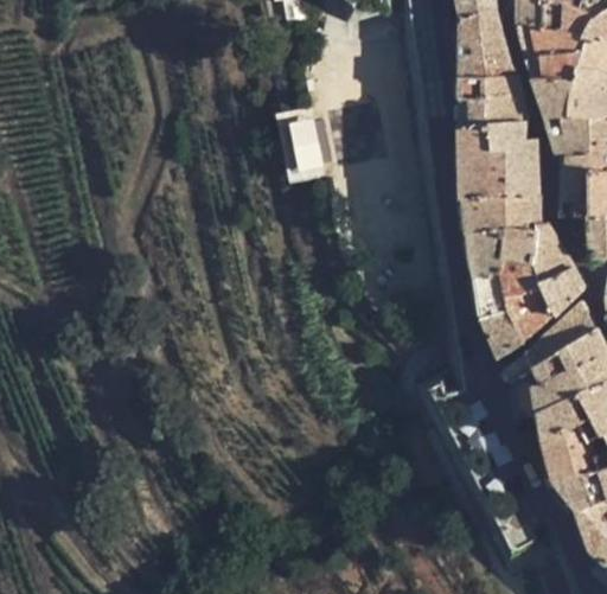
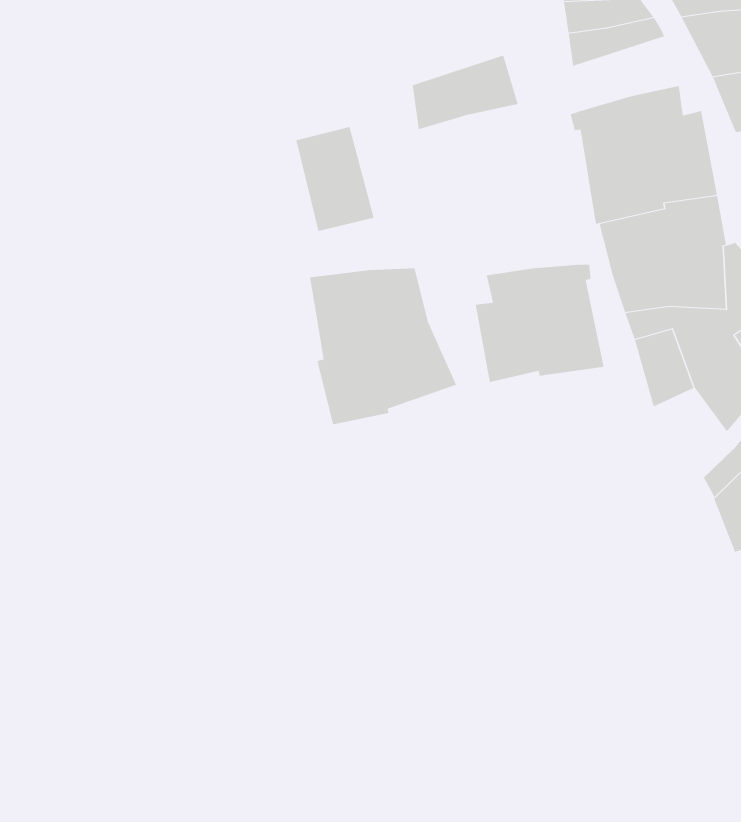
building: [460,89,525,128] -> [412,55,518,130]
building: none -> [310,268,457,425]
building: none -> [475,264,604,383]
building: [480,312,524,357] -> none

